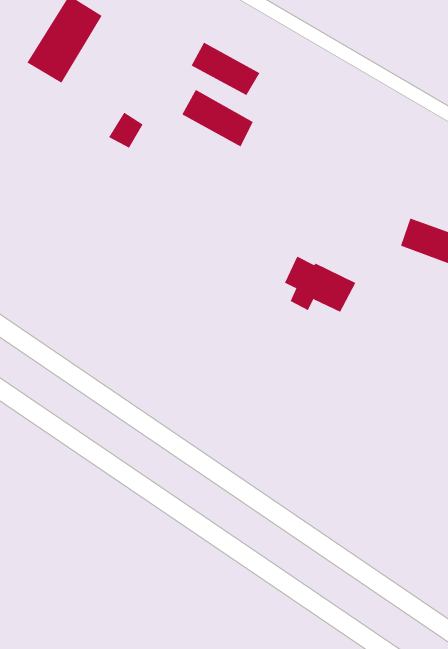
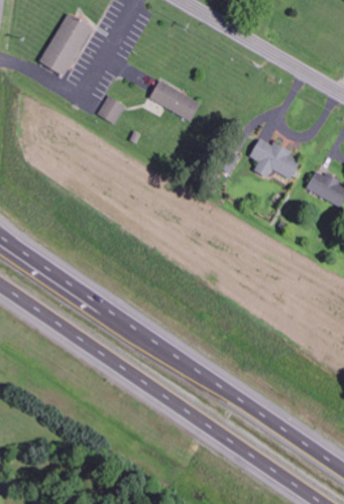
building: [191,42,260,96] -> none
building: [284,256,356,312] -> [250,138,302,178]

